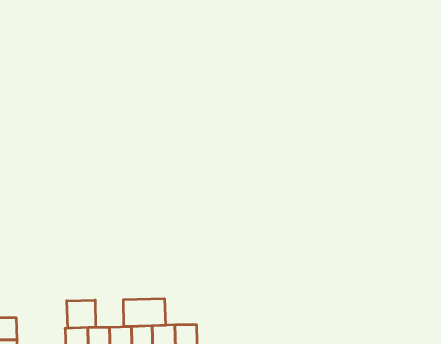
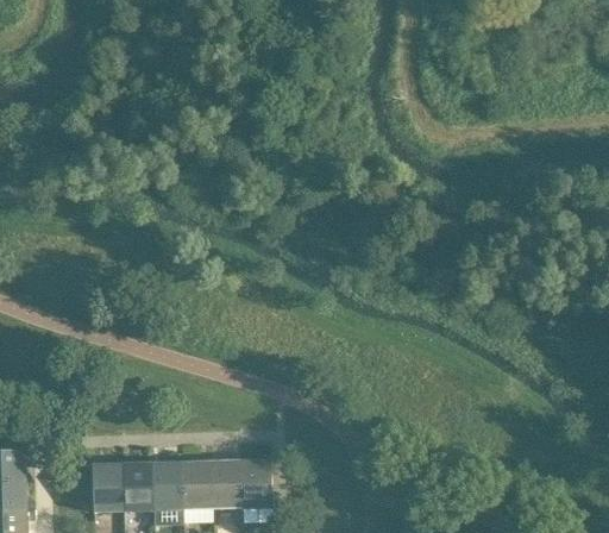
building: [123,299,166,326] -> none
building: [67,300,96,328] -> none

